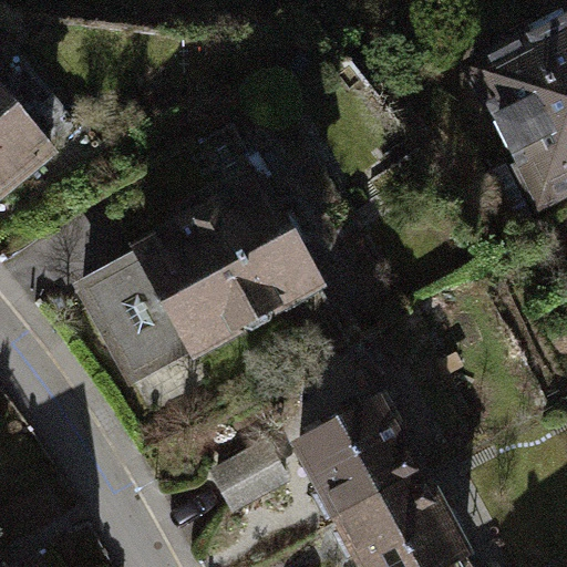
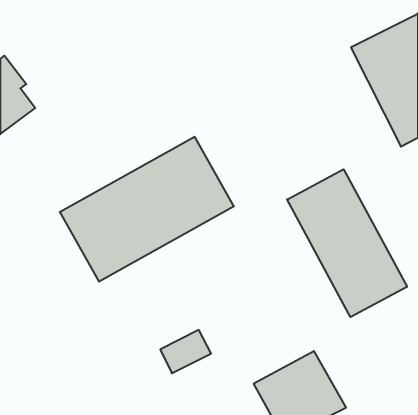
building: none -> [287,169,407,317]
building: [301,401,425,524] -> none

